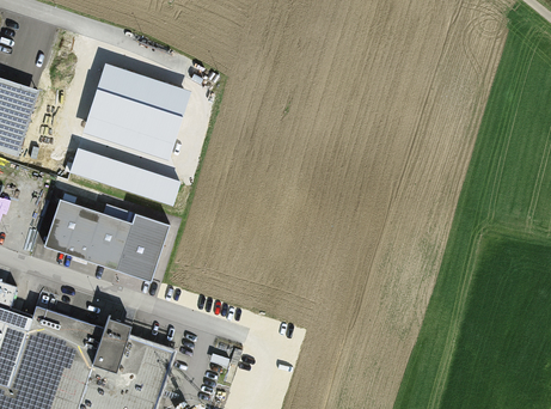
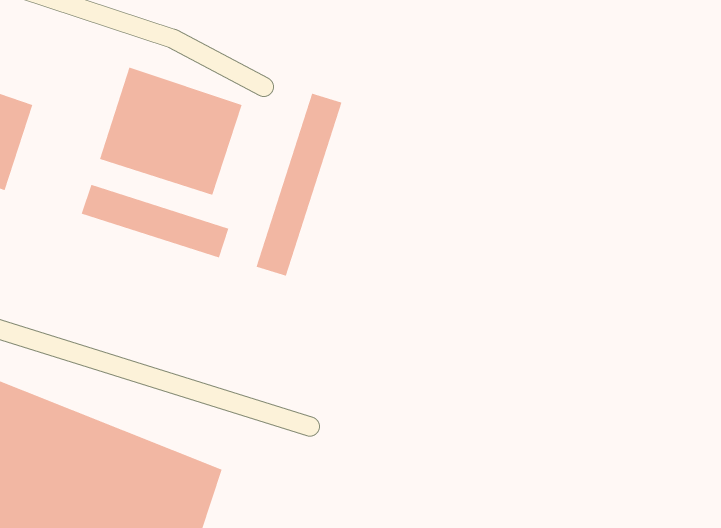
building: none -> [256,93,342,276]
building: [45,202,167,282] -> none

